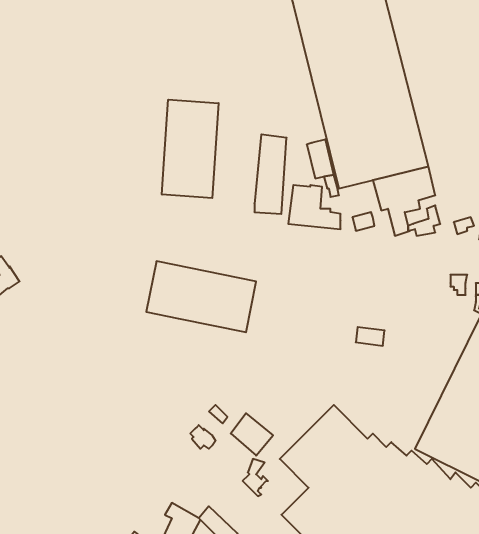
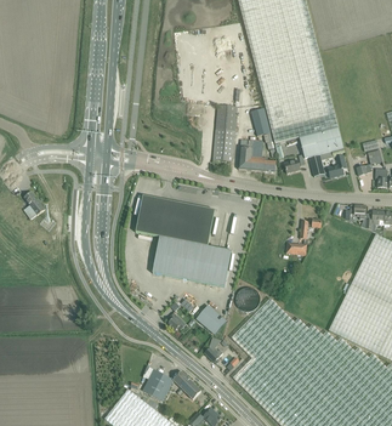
building: [162,100,219,198] -> none
building: none -> [153,235,232,286]

